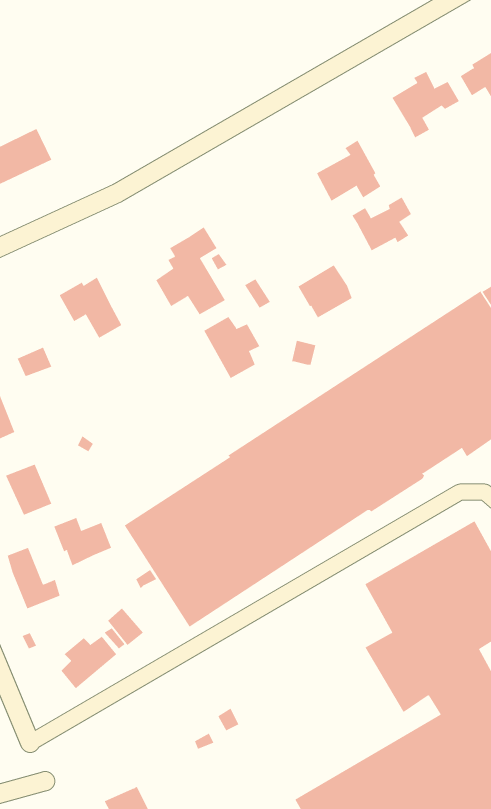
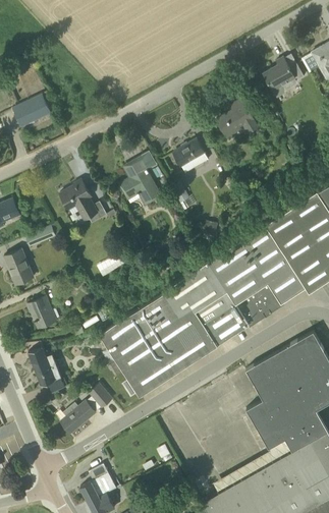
building: [352,197,412,251] -> none
building: [297,265,353,318] -> [174,139,208,172]
building: [204,316,260,379] -> none
building: [54,517,112,566] -> none
building: none -> [80,464,109,502]

